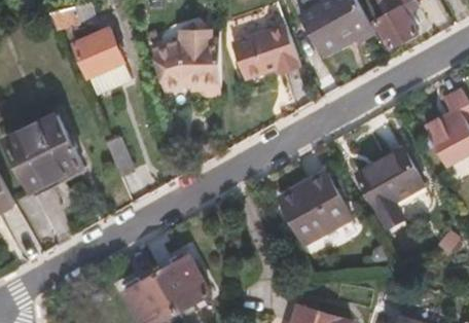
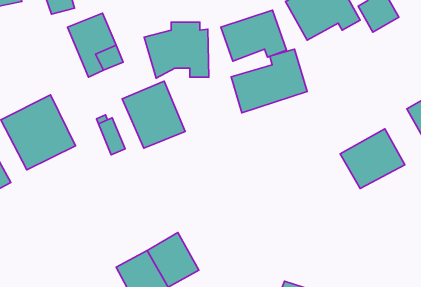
building: none -> [231,49,307,113]
building: none -> [122,81,185,148]
building: [280,173,351,243] -> none

